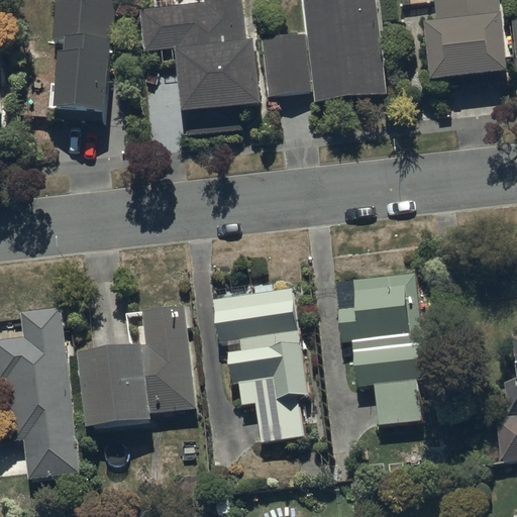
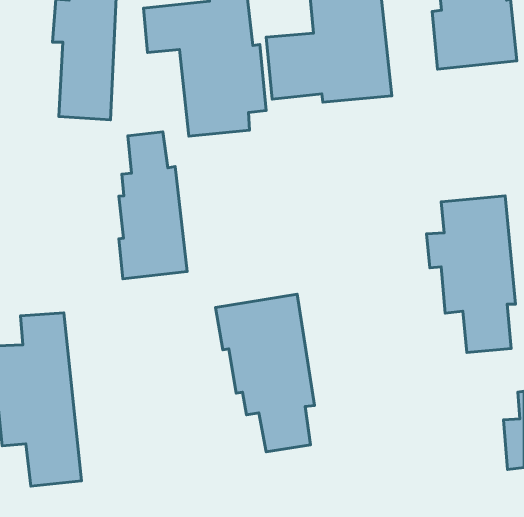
building: none -> [119,132,187,279]
building: [338,272,425,425] -> [427,196,515,353]
building: [80,304,195,428] -> none

